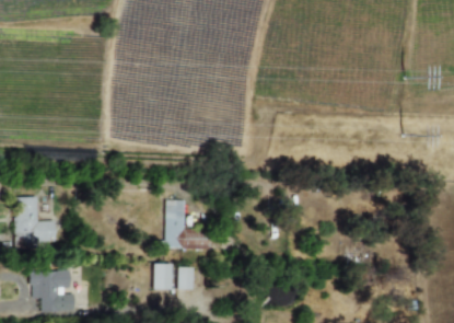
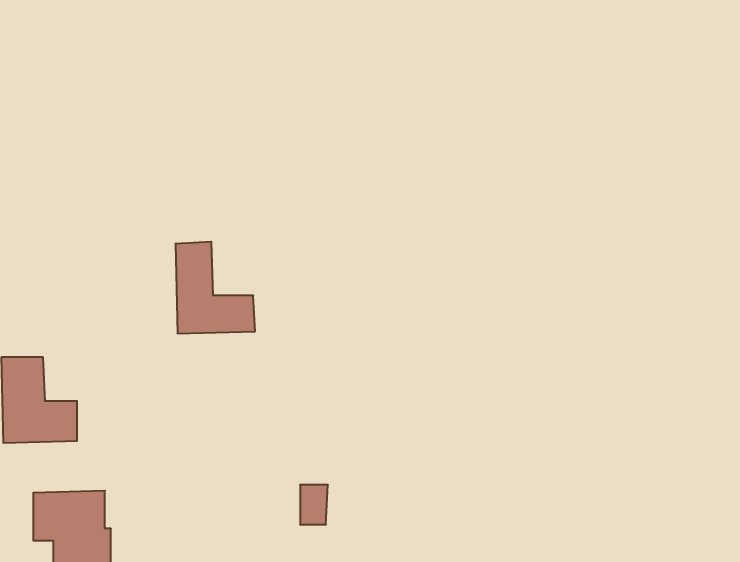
building: [166,199,210,250] -> [175,242,255,333]
building: [155,263,173,289] -> none

